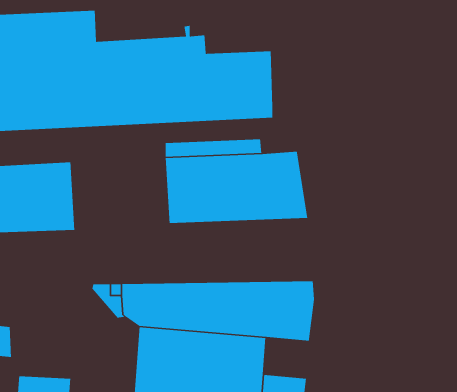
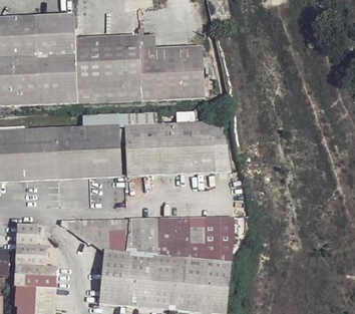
building: none -> [54,123,120,179]
building: none -> [15,225,56,288]
building: none -> [197,258,231,288]

